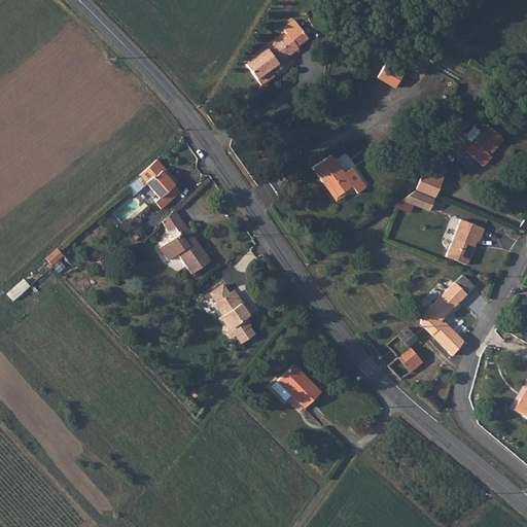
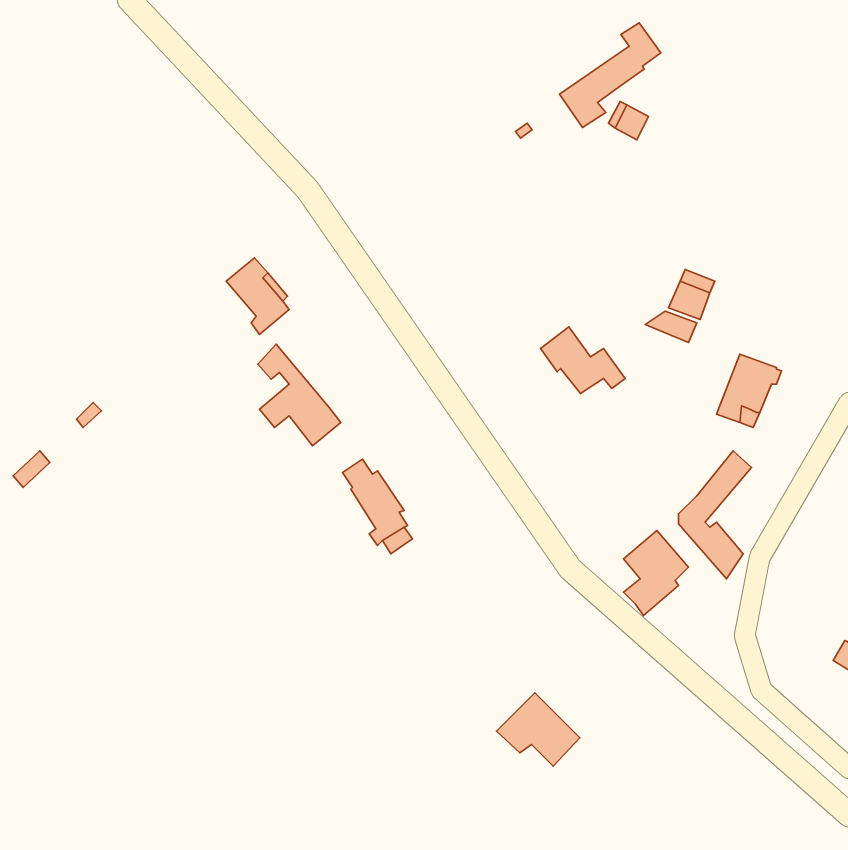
building: [245,21,308,85] -> [559,23,661,128]
building: [456,126,506,166] -> none
building: [313,155,365,197] -> [540,327,625,394]
building: [274,363,325,409] -> [497,693,580,766]

